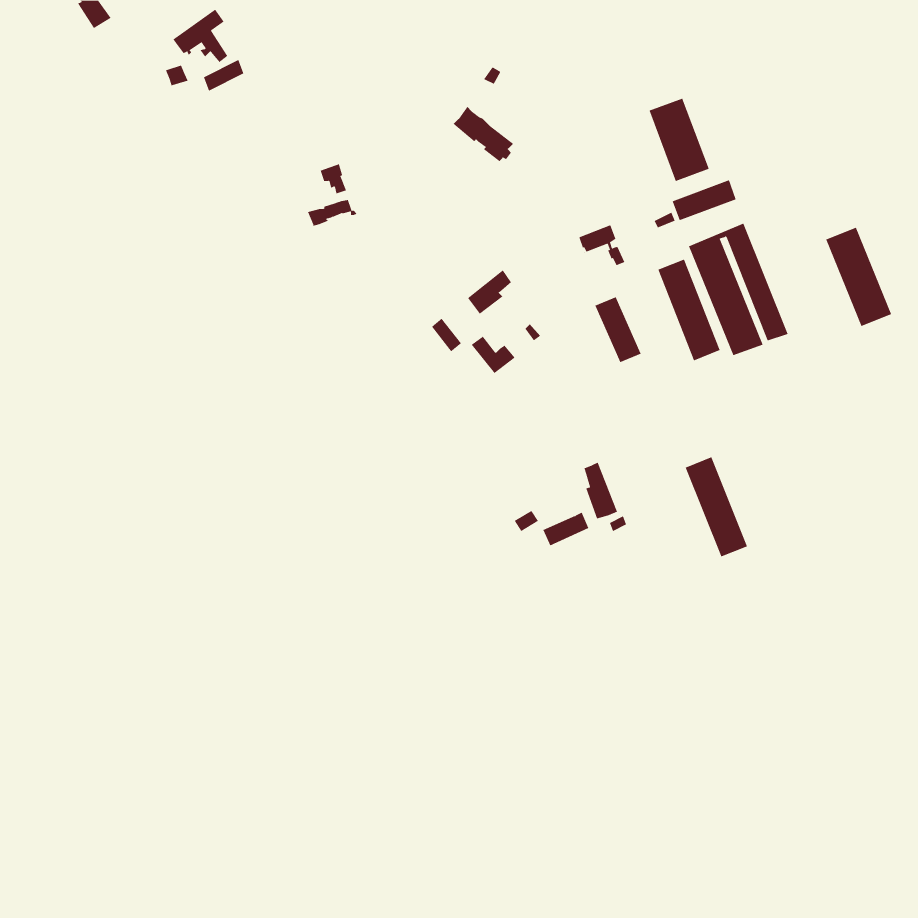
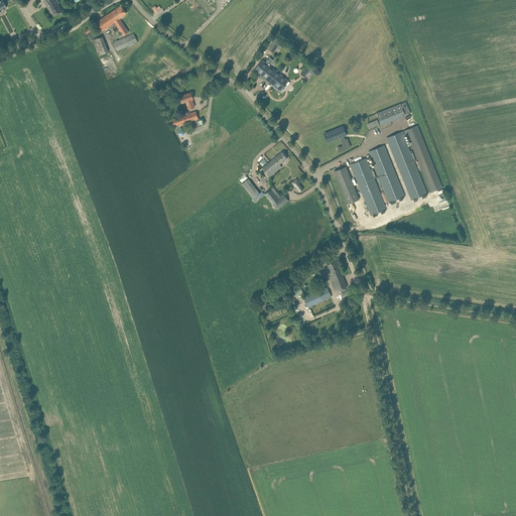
building: [649,98,709,182] -> none
building: [825,227,892,327] -> none
building: [685,457,748,557] -> [351,158,386,215]

